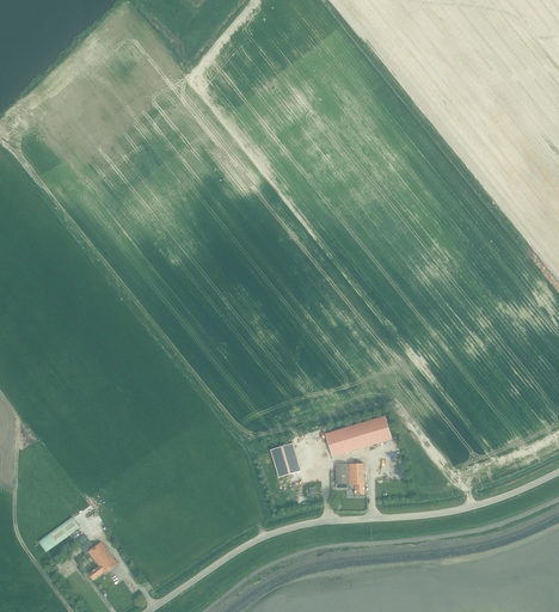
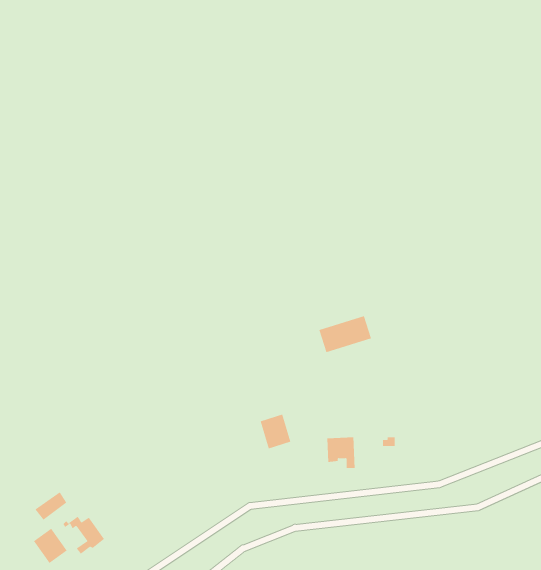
building: [338,416,391,453] -> [318,315,372,353]
building: none -> [33,528,68,564]

